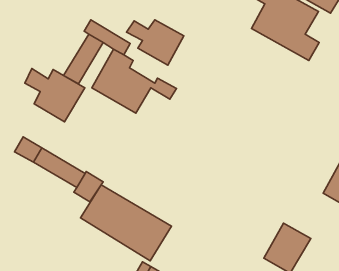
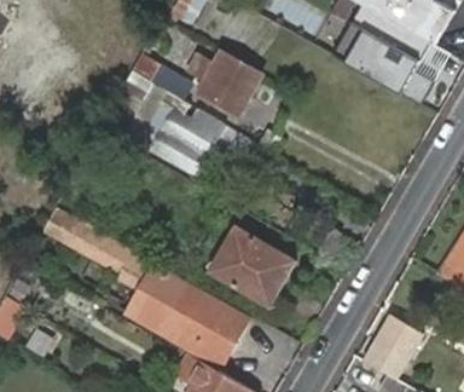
building: [25,69,85,122] -> none
building: none -> [208,225,295,304]

